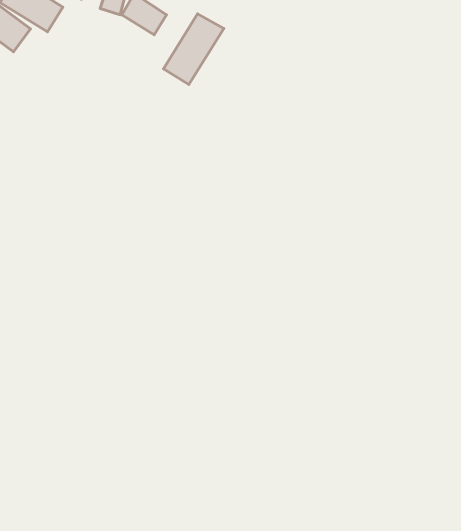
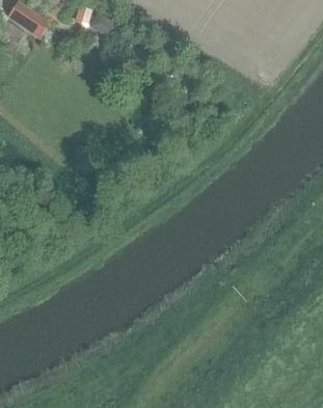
building: [164,14,224,84] -> none

